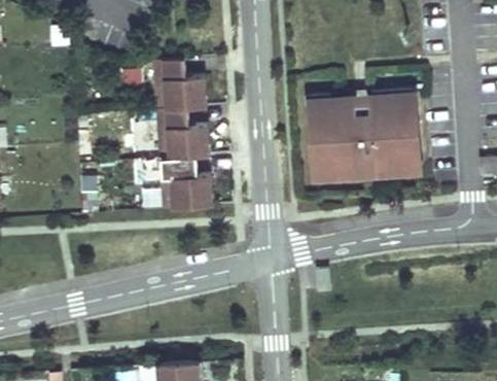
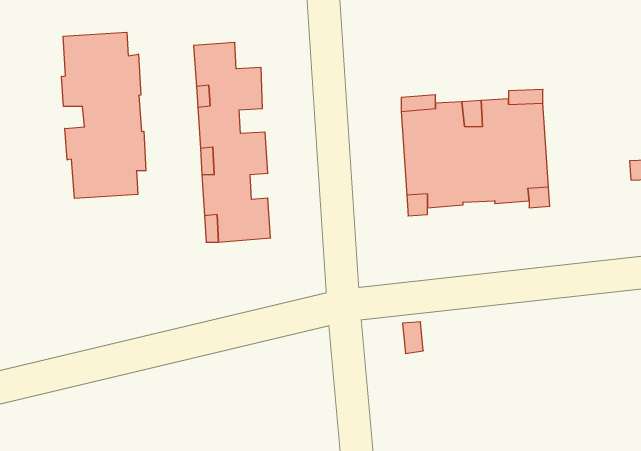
building: none -> [61,32,146,198]

